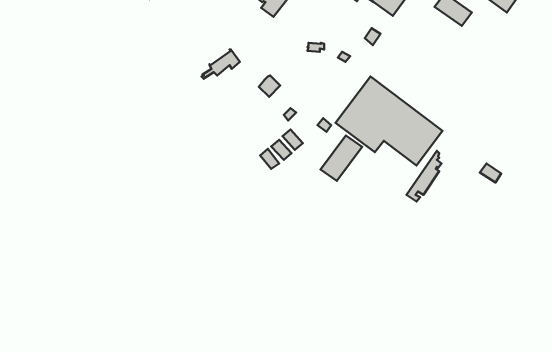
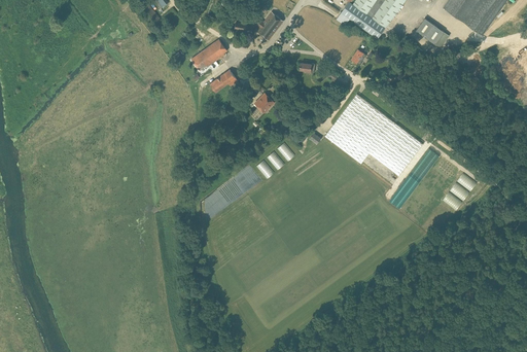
building: none -> [190,40,226,71]
building: [320,135,362,181] -> none

